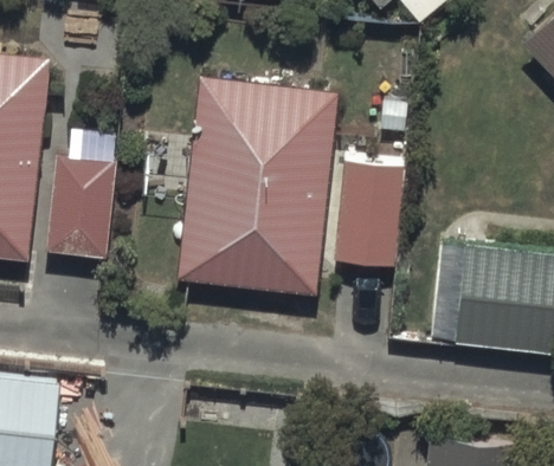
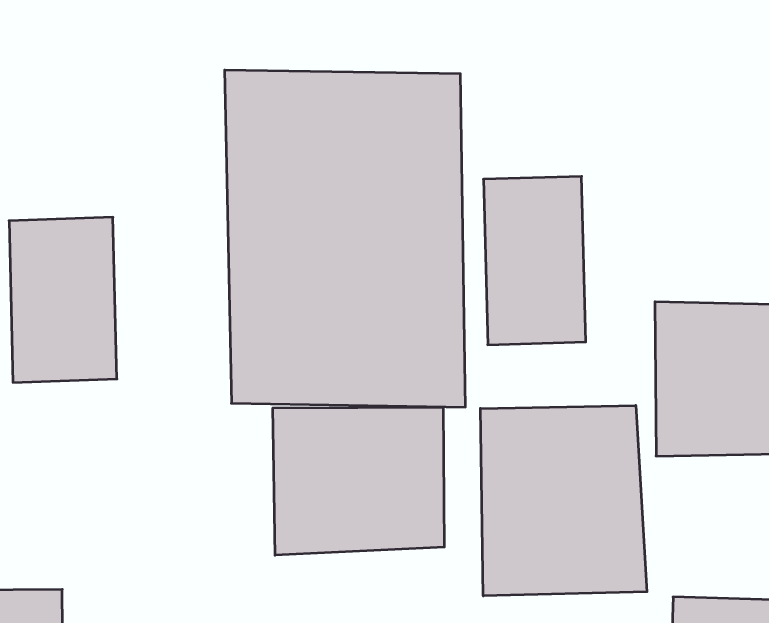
building: none -> [273,407,444,555]
building: none -> [480,405,647,596]

